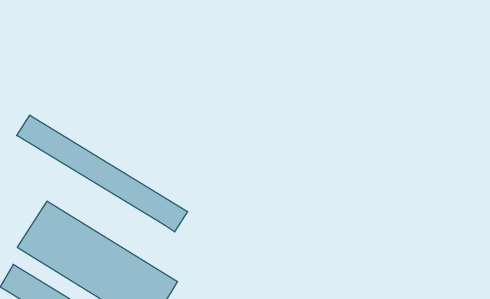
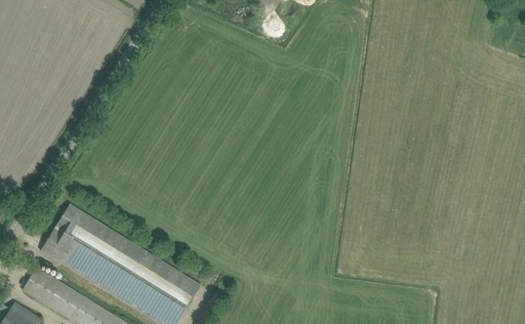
building: [17,115,188,232] -> none

